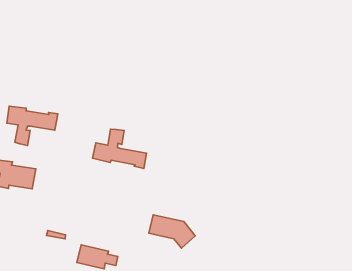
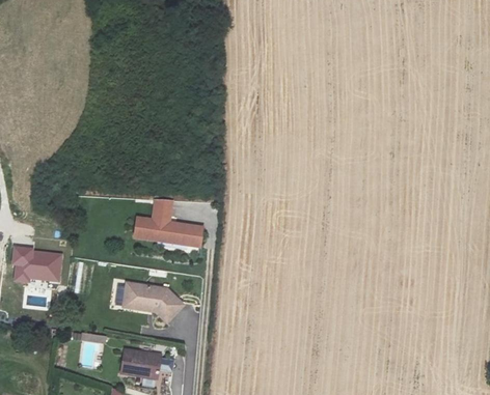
building: [7,106,58,145] -> none
building: [149,215,195,248] -> [124,282,183,322]

